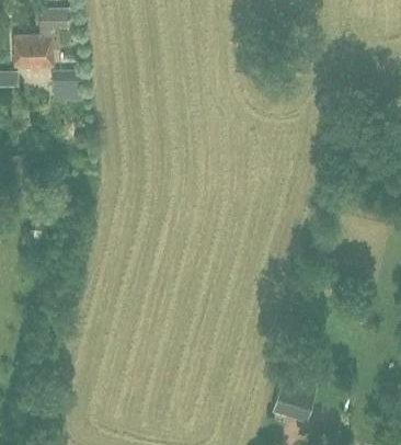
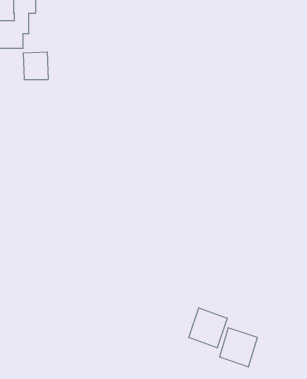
building: none -> [189,308,227,348]

